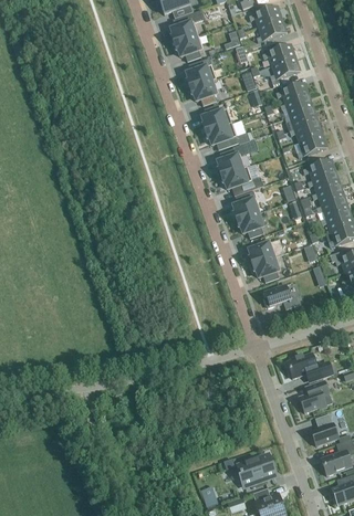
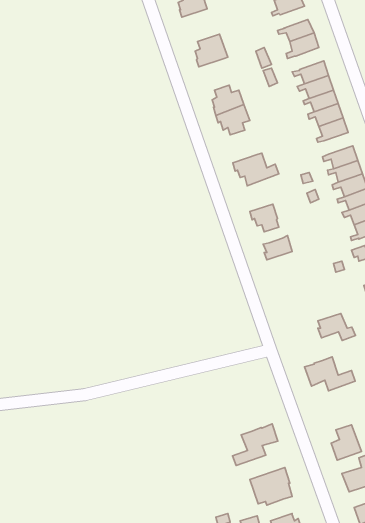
building: [175,34,202,61] -> none
building: [190,80,219,105] -> none
building: [218,148,244,175] -> none
building: [233,191,260,219] -> none
building: [252,255,281,282] -> none
building: [264,284,299,308] -> [318,314,356,340]
building: [300,379,332,412] -> none
building: none -> [233,424,278,465]

